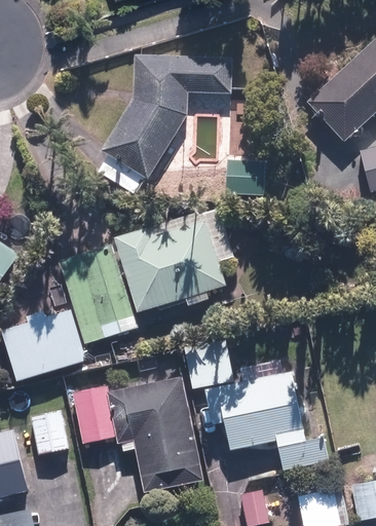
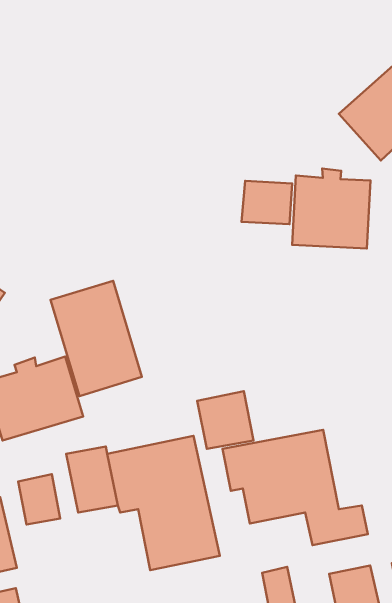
building: [101,55,230,180] -> none
building: none -> [292,169,371,249]
building: [115,219,227,312] -> none

